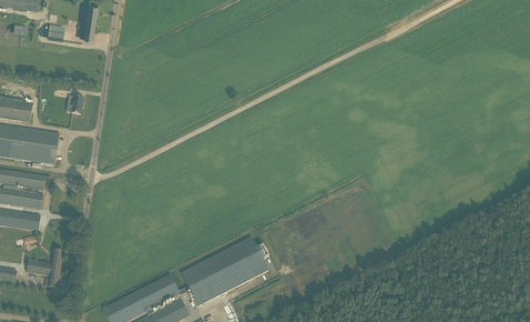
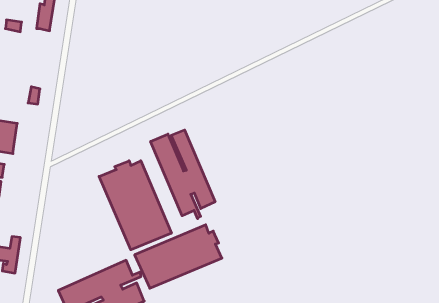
building: none -> [151,130,215,219]
building: none -> [99,161,171,250]

